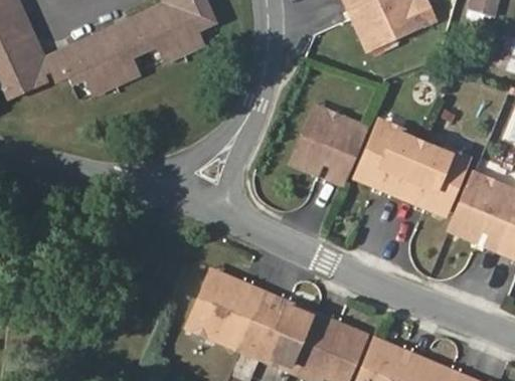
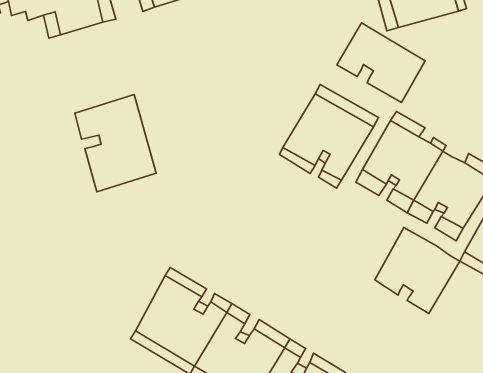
building: none -> [337,23,425,103]
building: none -> [75,95,156,192]
building: none -> [375,227,460,313]

